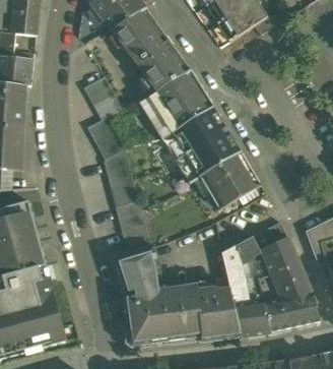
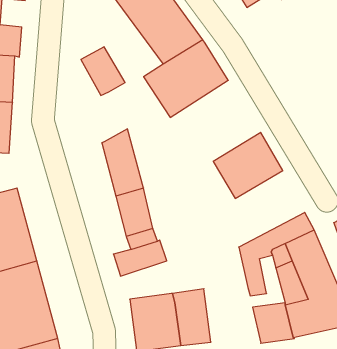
building: [161,105,241,182] -> none
building: [86,115,125,159] -> none
building: [118,263,162,297] -> none
building: [191,287,241,335] -> none

